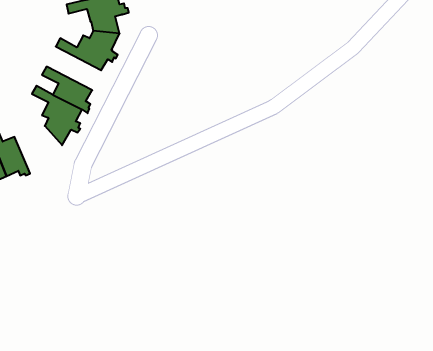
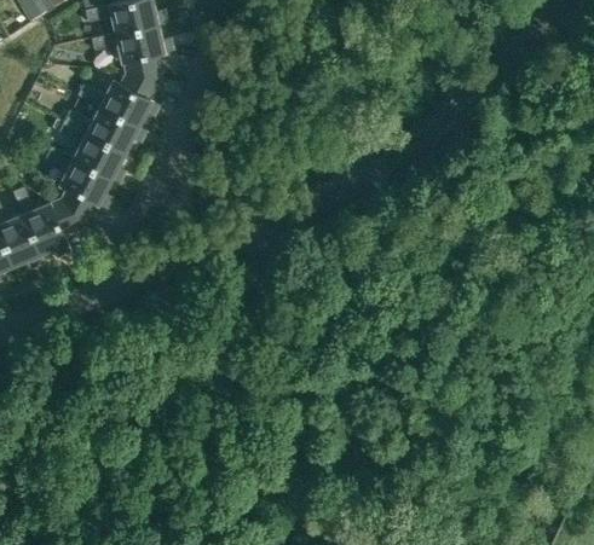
building: none -> [64,106,145,152]
building: none -> [12,187,85,254]

